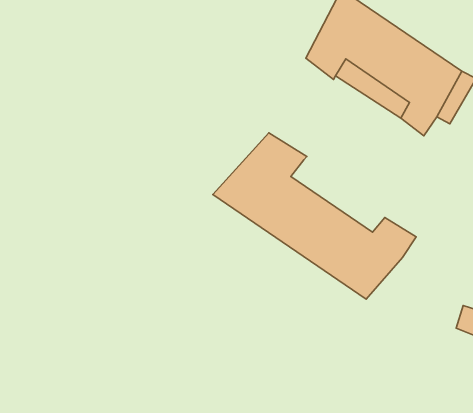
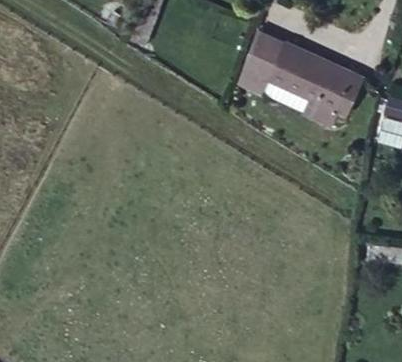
building: [213,133,416,299] -> none

